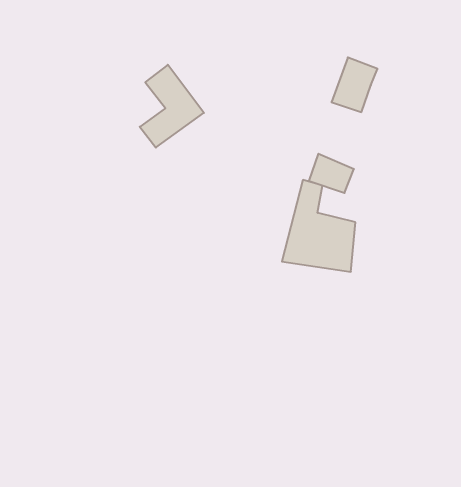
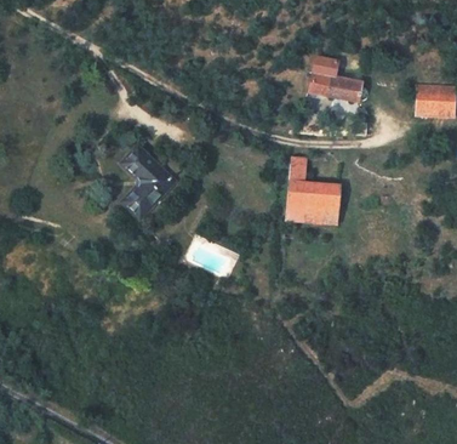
building: [140,65,204,148] -> [124,144,172,210]
building: [309,154,354,193] -> [331,75,365,103]

